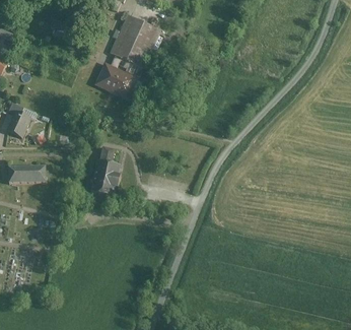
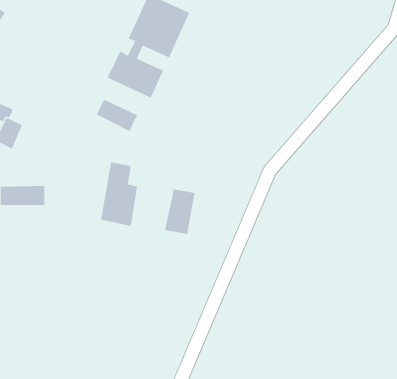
building: none -> [96,99,138,132]
building: none -> [164,189,196,235]

